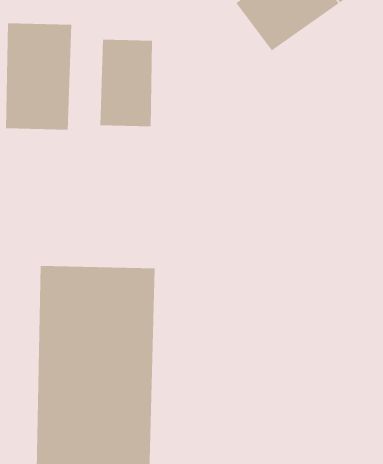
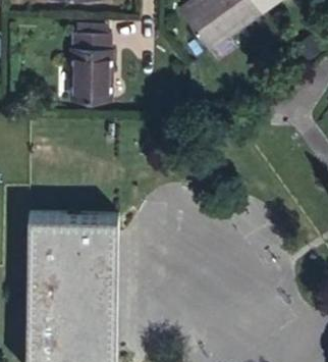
building: [5,23,72,130] -> none

